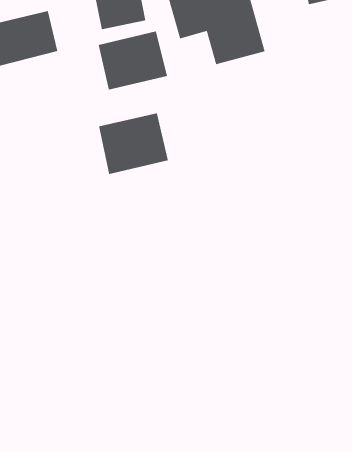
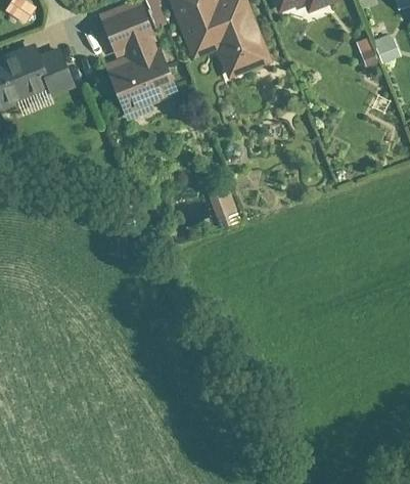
building: [99,112,168,175] -> none
building: none -> [204,186,235,219]

